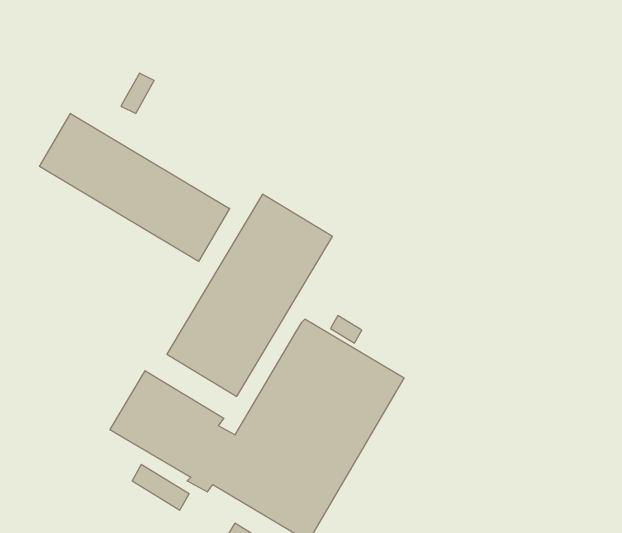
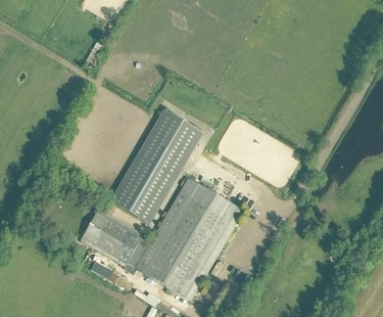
building: [39,113,230,261] -> none

